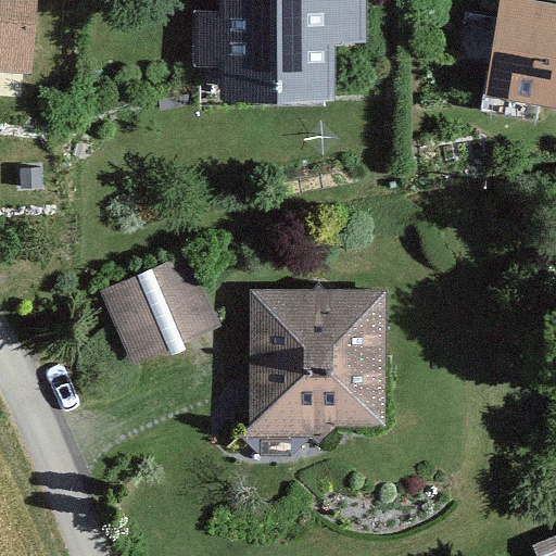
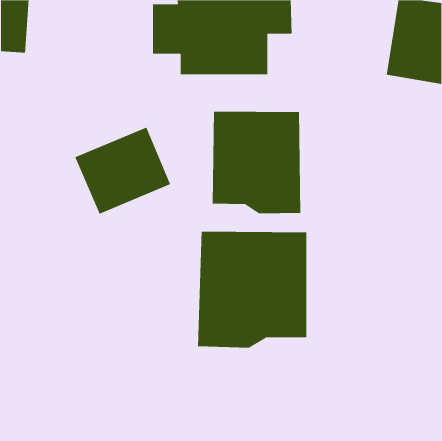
building: none -> [212,111,301,214]
building: [99,253,220,364] -> [74,127,171,215]

